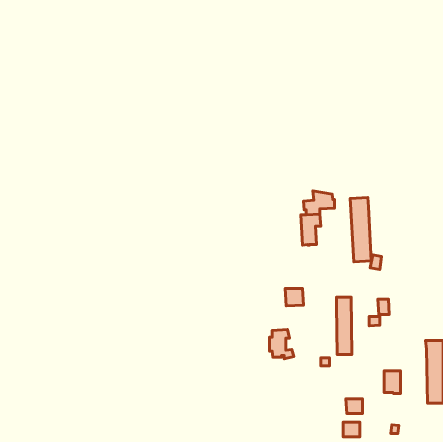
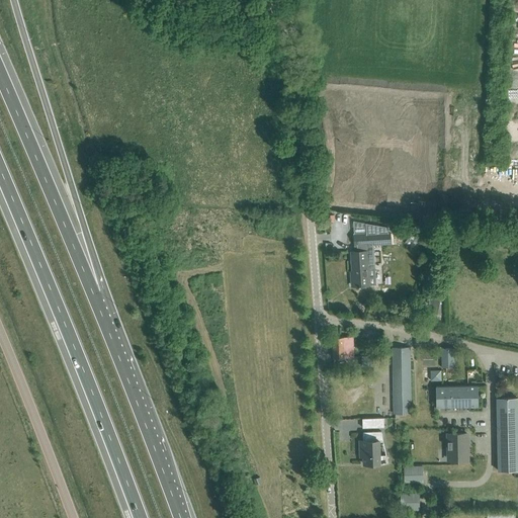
building: [350,197,371,262] -> none
building: [269,330,294,359] -> [360,432,388,466]
building: none -> [436,386,479,408]

